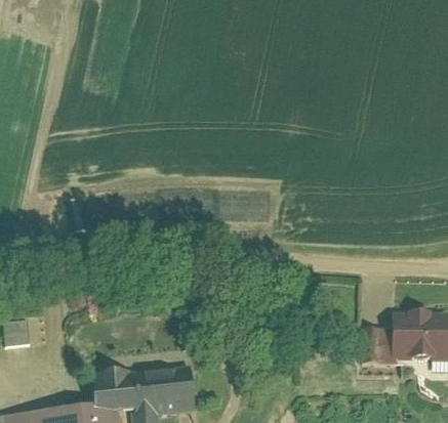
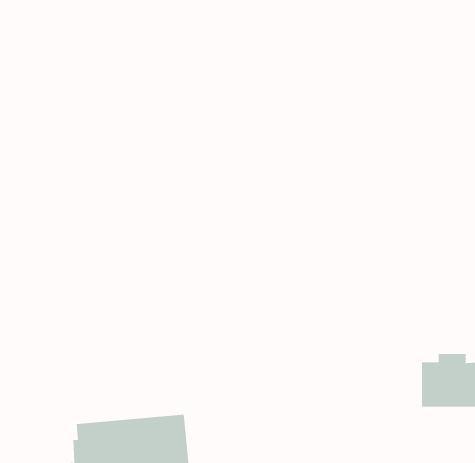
building: [370,330,393,364] -> none

